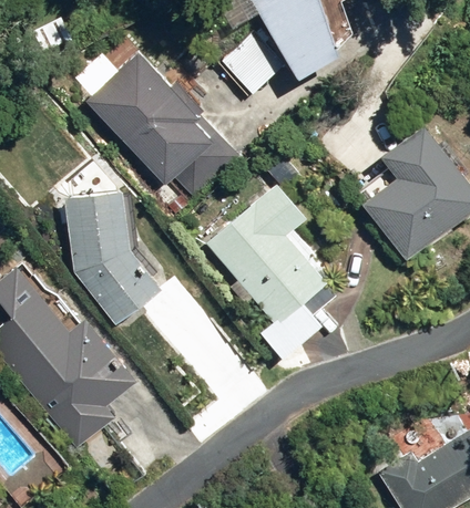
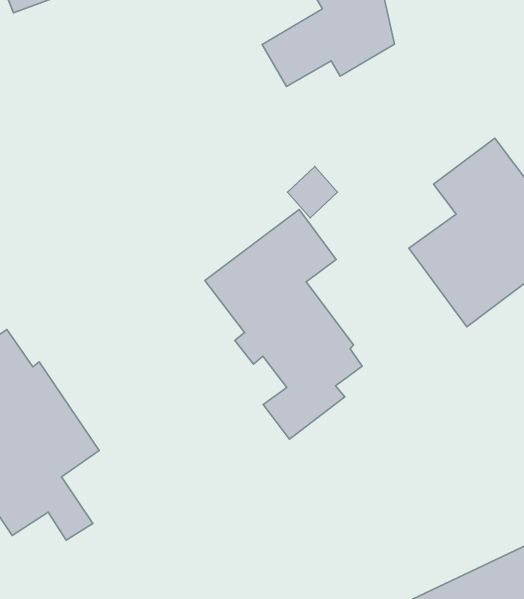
building: [84,53,244,214] -> none
building: [64,188,160,325] -> none

